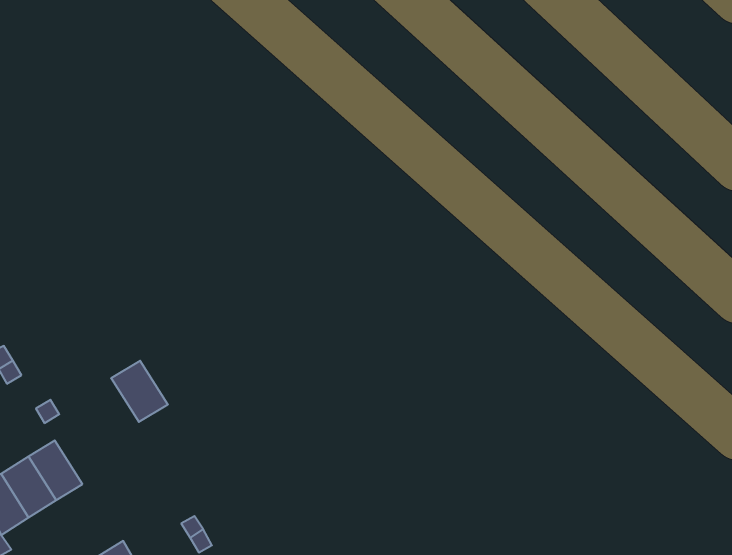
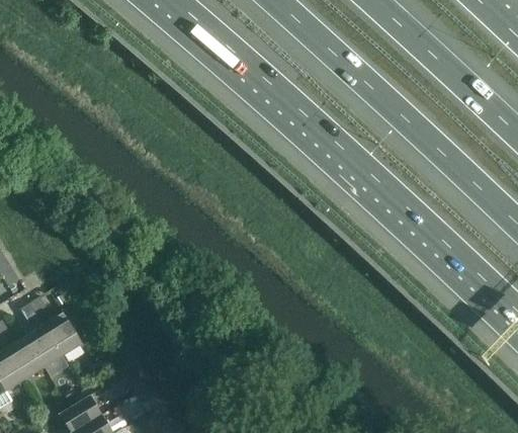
building: [111,361,168,422] -> [41,314,81,356]

